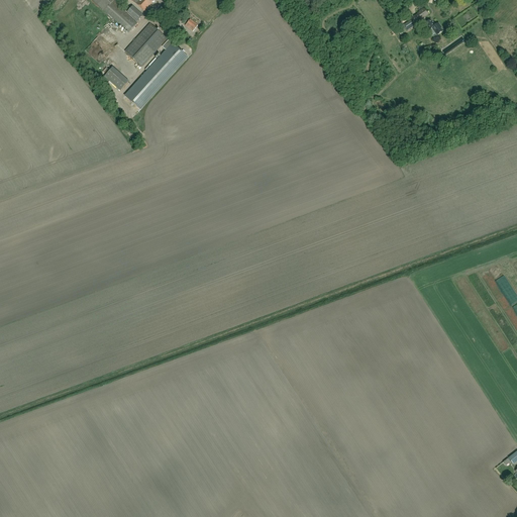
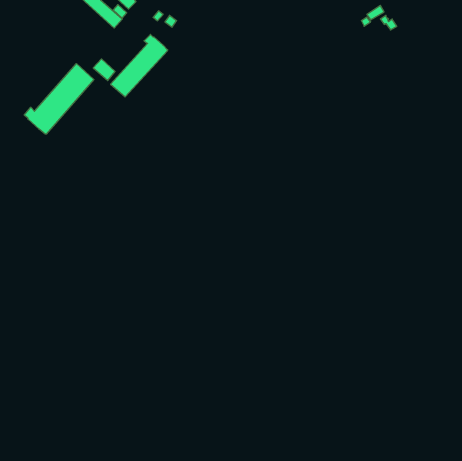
building: [124,22,166,65] -> none
building: none -> [24,64,94,134]

